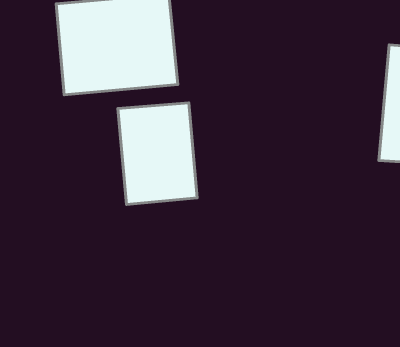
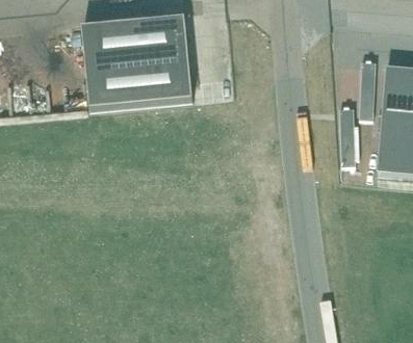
building: [118,103,197,204] -> none

